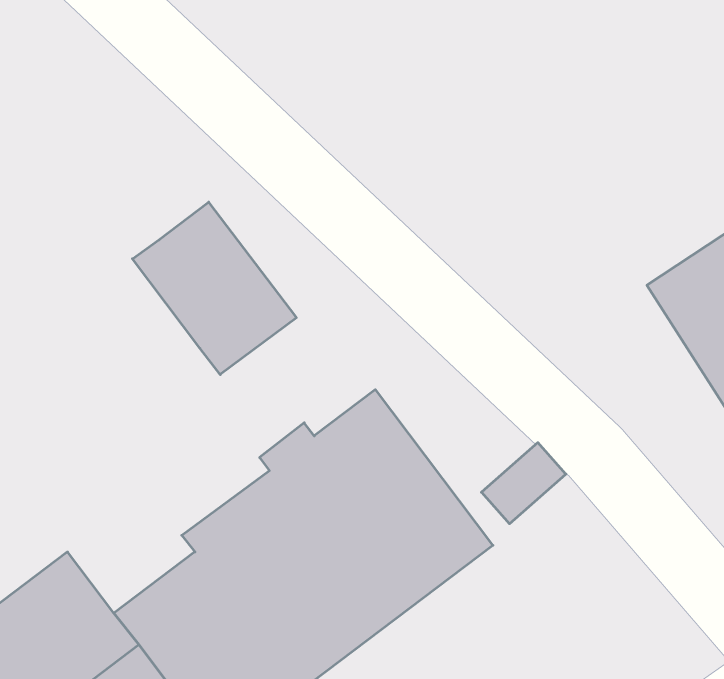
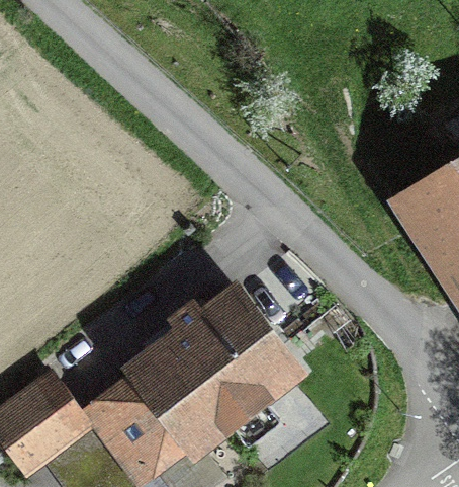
building: [132,202,296,375] -> none

